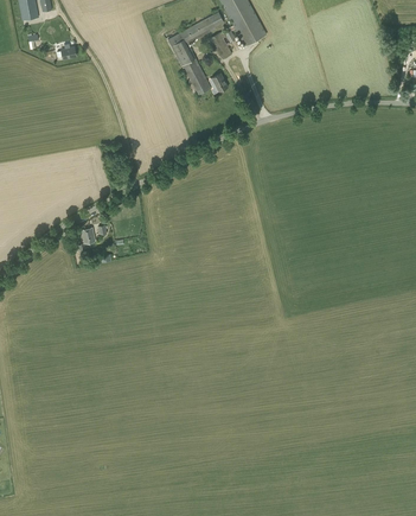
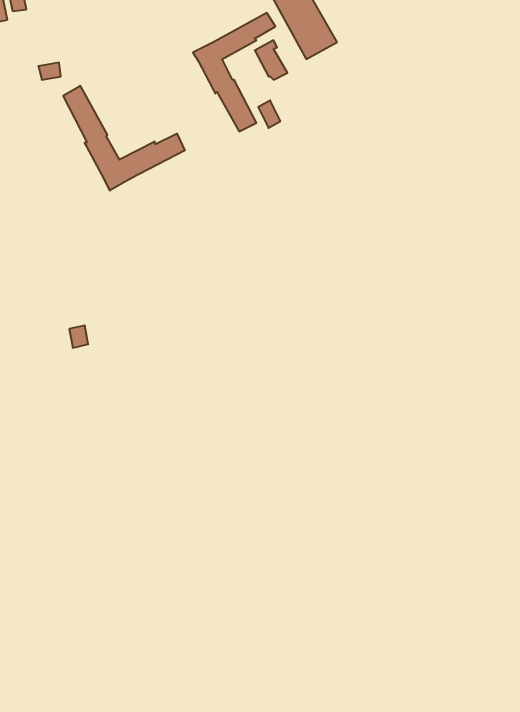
building: none -> [63,86,185,191]

